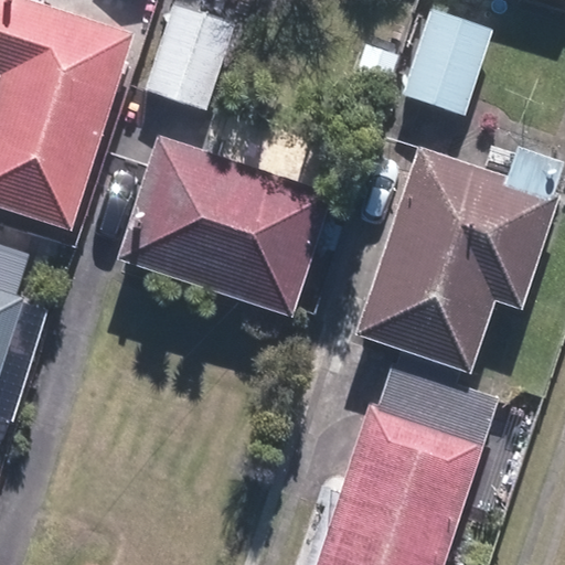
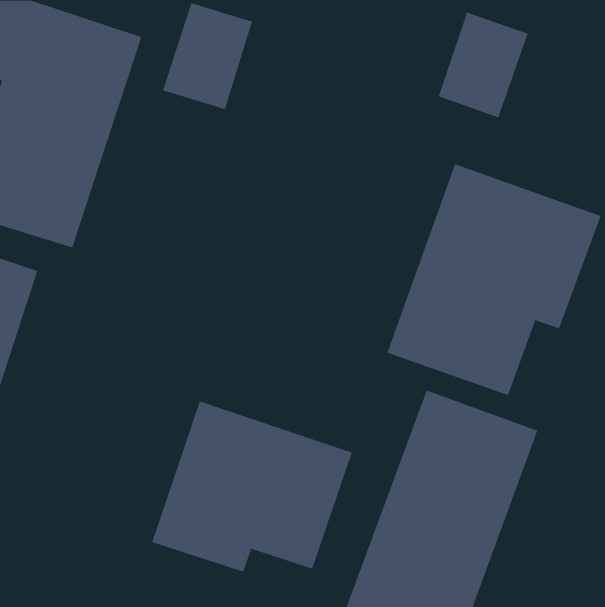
building: [119,138,333,318] -> none
building: none -> [151,400,353,573]

